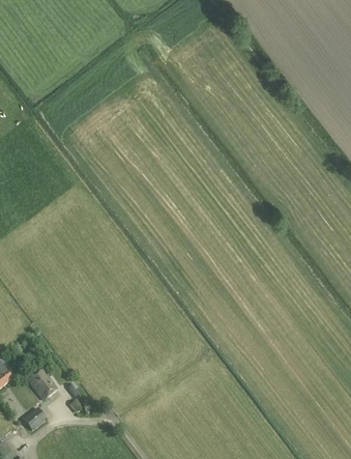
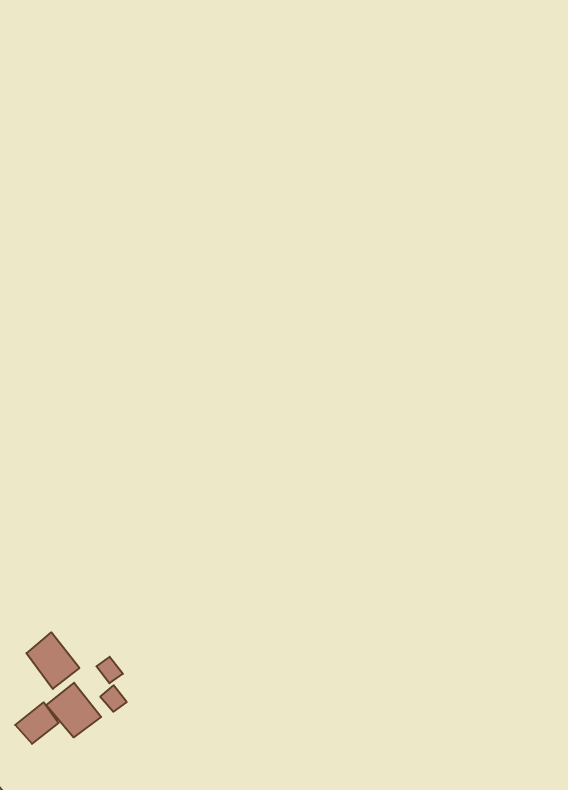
building: none -> [46,683,101,737]

